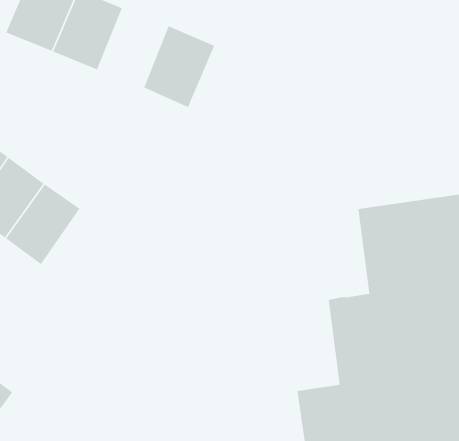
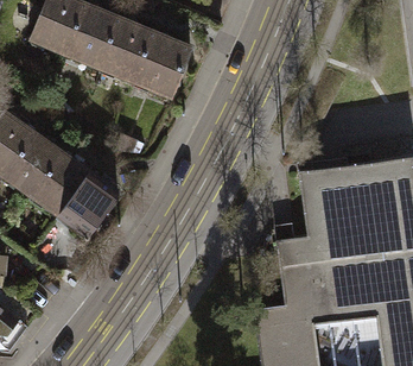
building: none -> [101,21,154,82]
building: none -> [58,173,117,236]

